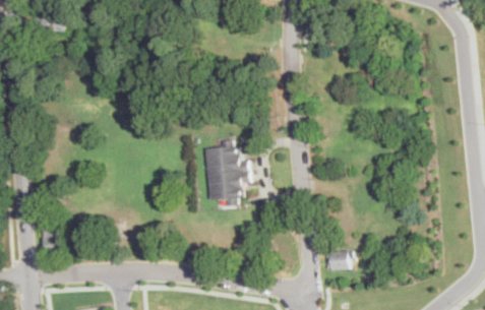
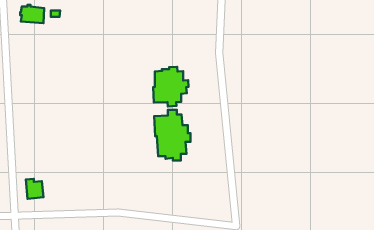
building: none -> [153,67,189,106]
building: [324,251,351,270] -> none

